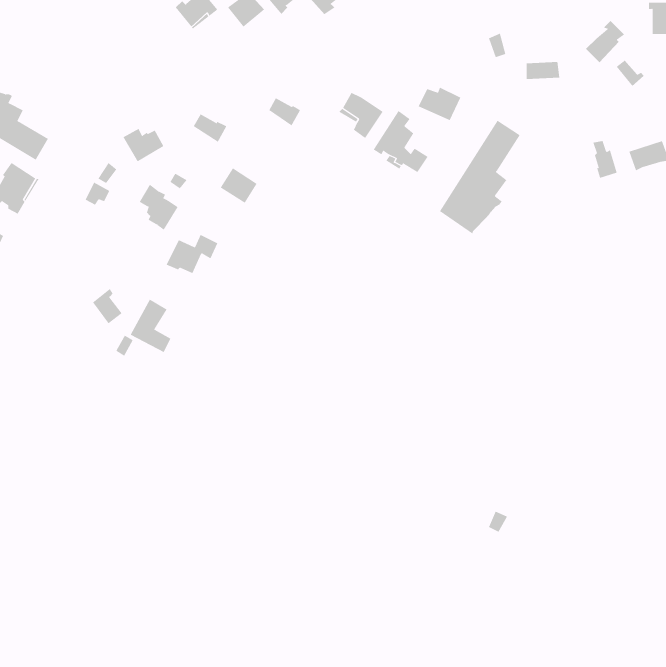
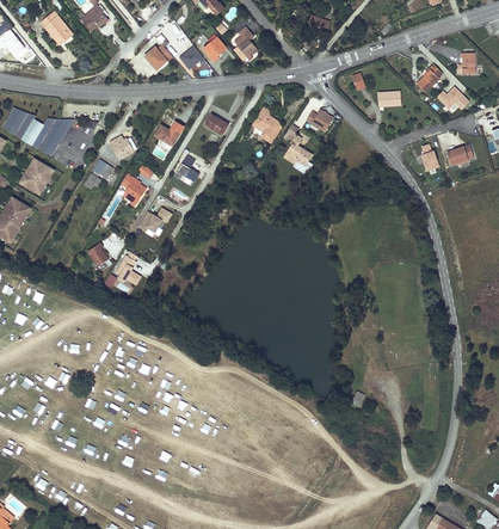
building: none -> [41,117,76,143]
building: [439,120,520,235] -> none

